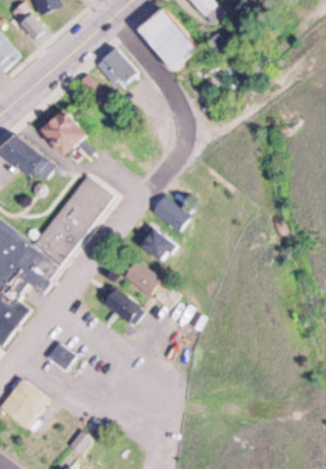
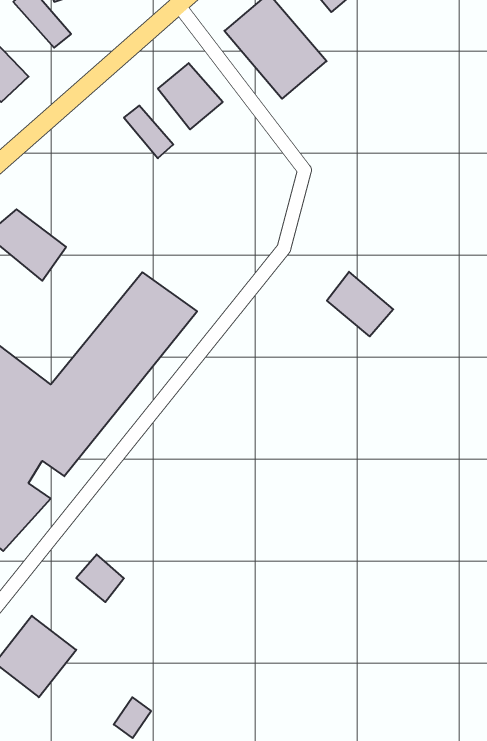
building: [35,106,84,155] -> none
building: [155,194,195,233] -> [327,272,393,336]
building: [139,226,174,261] -> none
building: [125,261,164,297] -> none
building: [105,288,144,325] -> none

